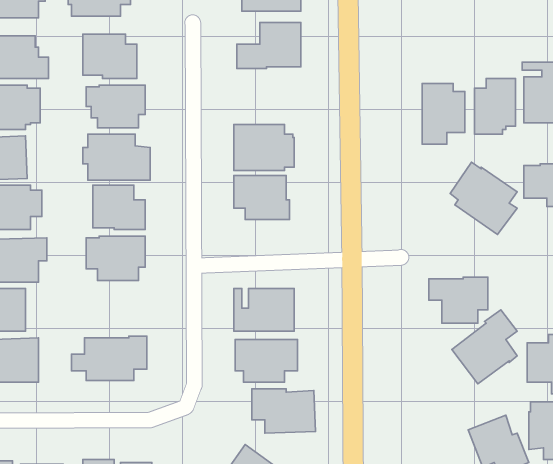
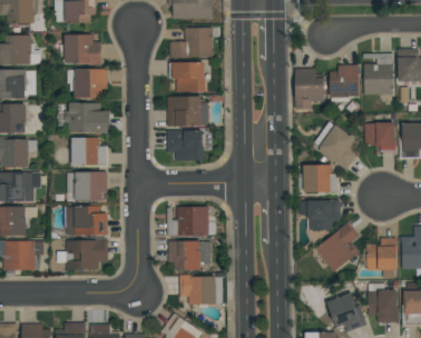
building: none -> [168,62,205,92]
building: none -> [297,165,337,195]
building: none -> [63,206,106,236]

